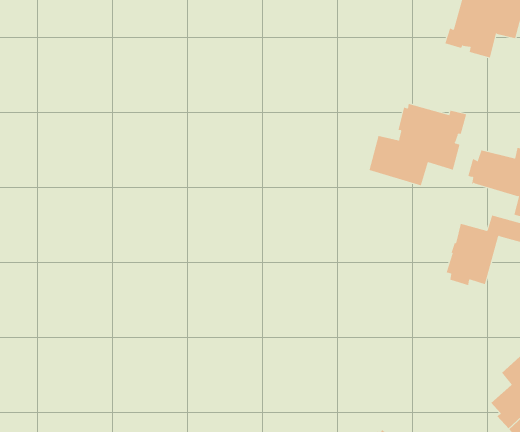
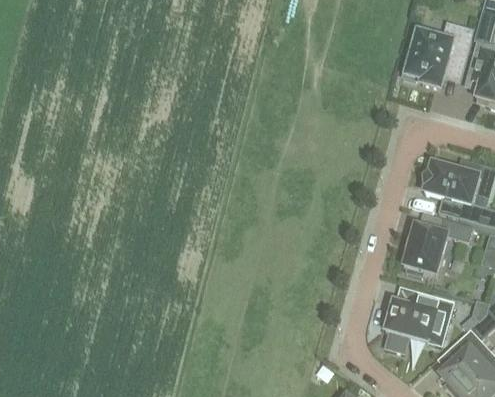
building: [369,103,467,186] -> none
building: none -> [383,291,452,351]

